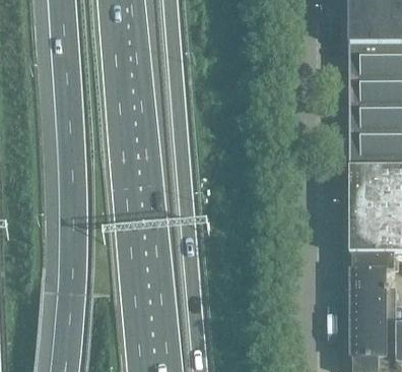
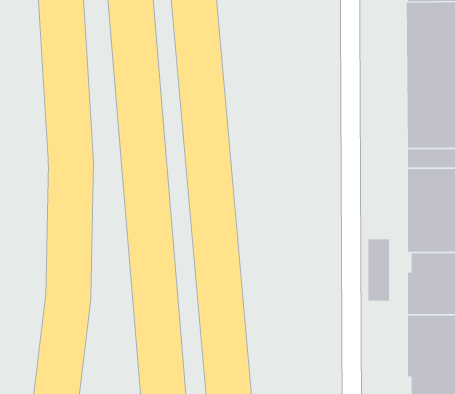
building: none -> [368,238,390,301]

